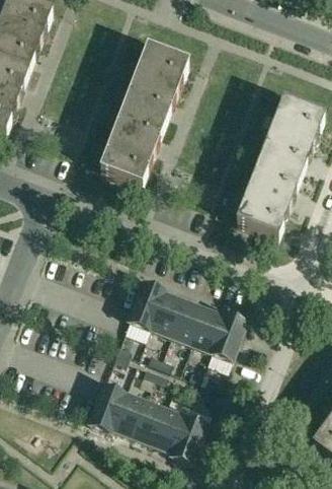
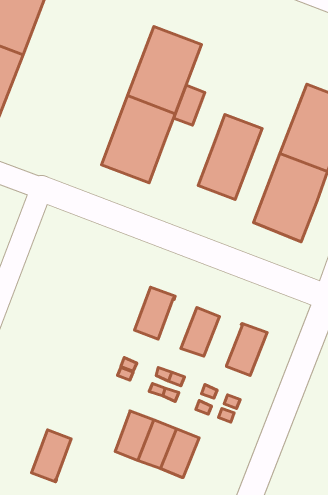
building: none -> [174,85,205,125]
building: none -> [198,115,262,199]
building: [148,289,182,334] -> none
building: [188,305,223,349] -> none
building: [87,382,122,429] -> [32,430,71,482]
building: [168,414,205,460] -> none

